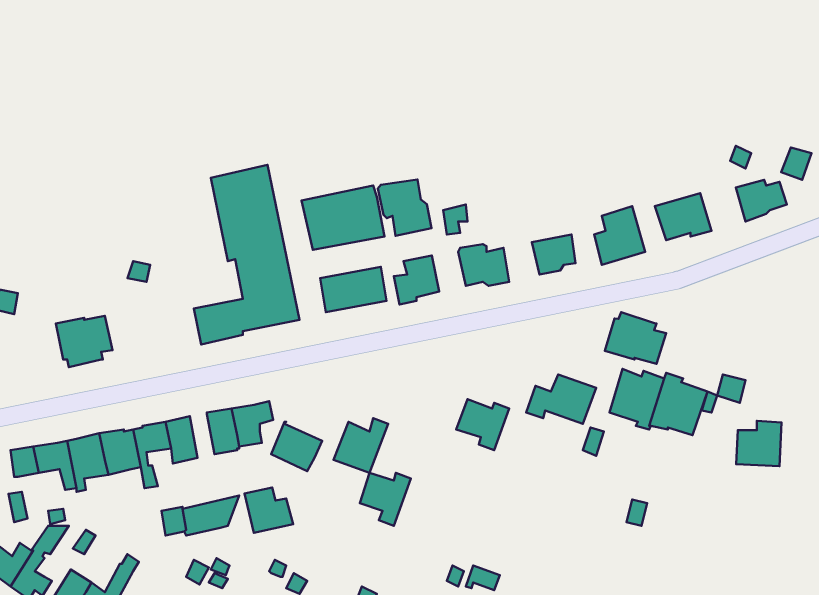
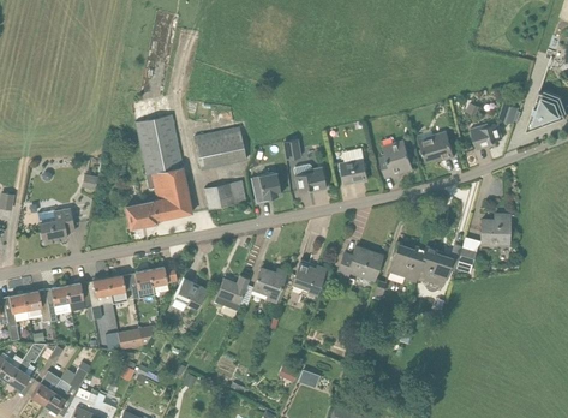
building: [378,179,432,236] -> none
building: [605,312,666,364] -> none
building: [736,421,781,466] -> [480,214,509,243]
building: [360,473,411,526] -> [253,269,286,303]
building: [245,488,293,533] -> none

